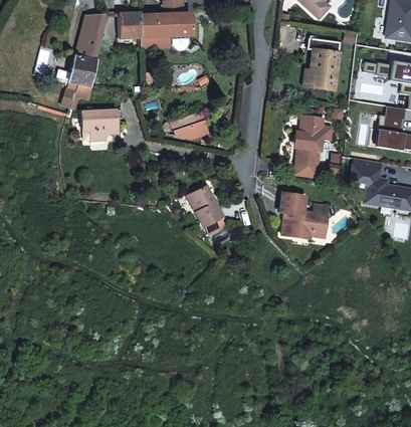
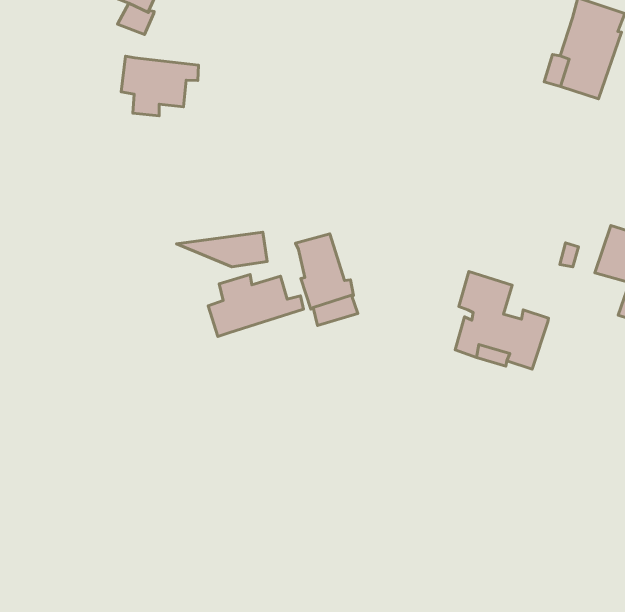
building: [295,116,324,167] -> none
building: [161,118,210,139] -> [176,232,267,267]
building: none -> [208,275,303,337]

